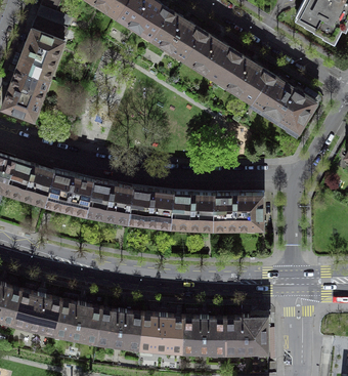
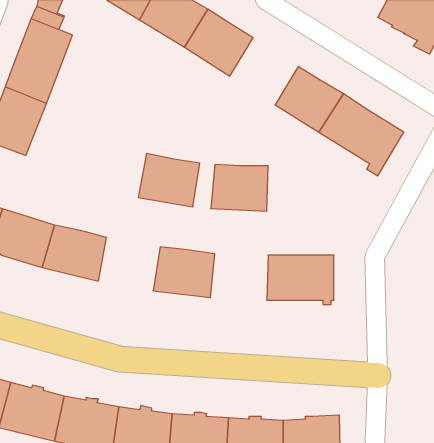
building: [185,33,236,83] -> none
building: [87,182,133,222] -> [138,154,200,207]
building: [171,195,214,229] -> [211,165,268,211]

